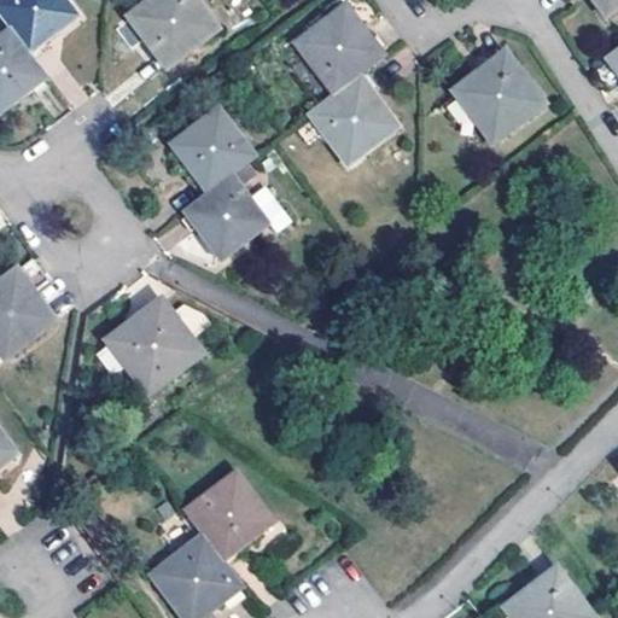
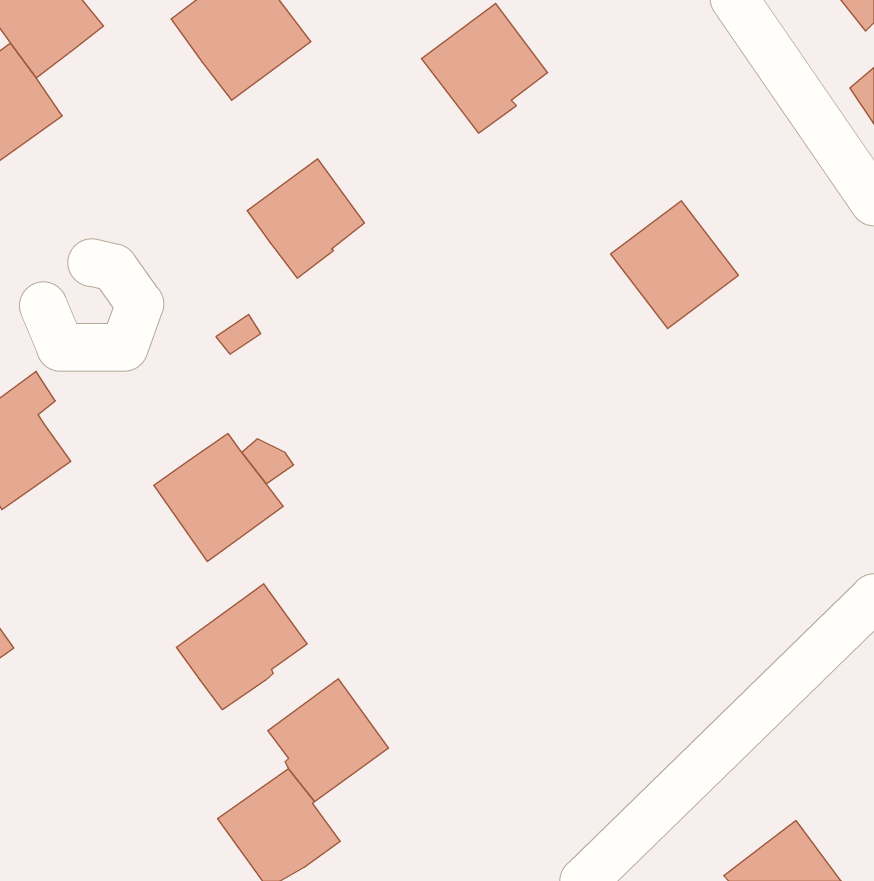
building: [455,47,544,136] -> [611,201,738,329]
building: [310,74,398,162] -> none
building: [186,175,269,258] -> none
building: none -> [176,584,307,710]

